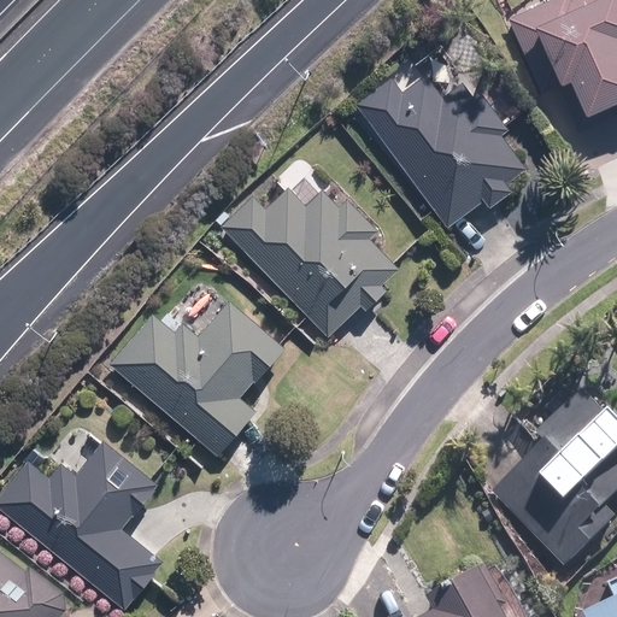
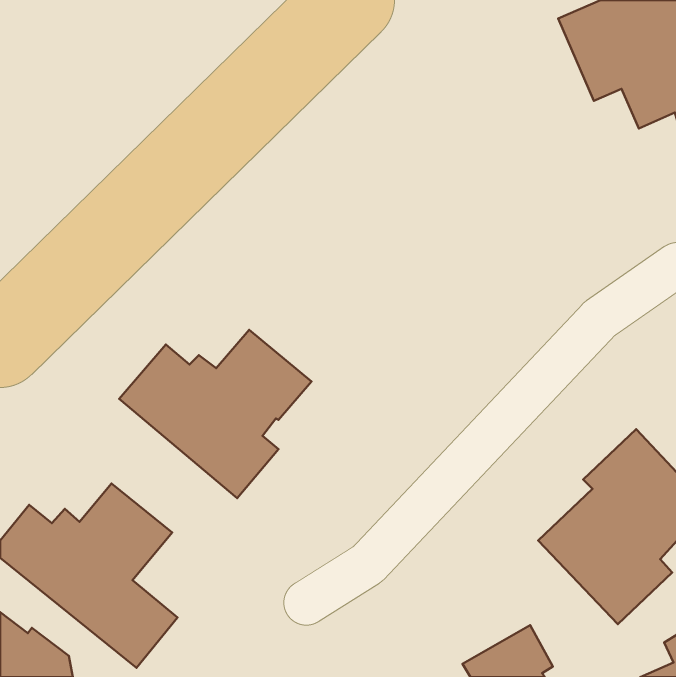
building: [355,76,524,227] -> none
building: [219,187,398,336] -> none

